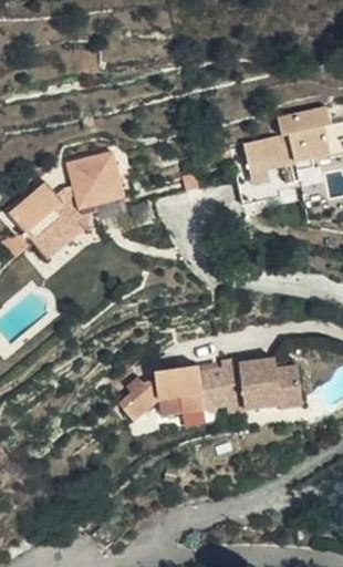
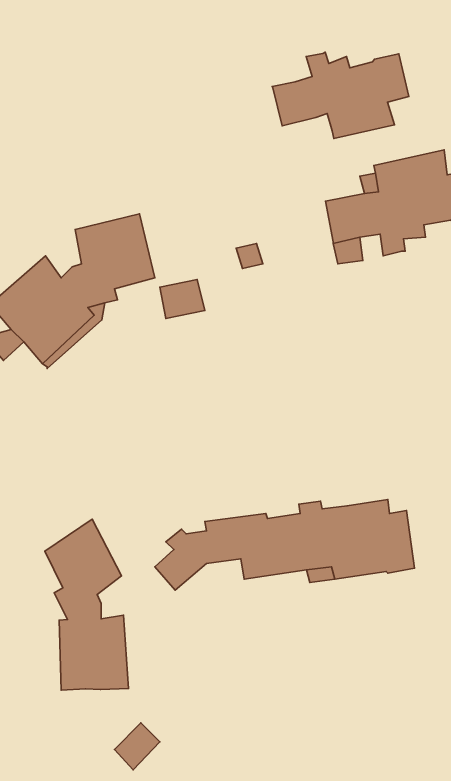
building: none -> [272,52,409,138]
building: none -> [45,519,128,690]

